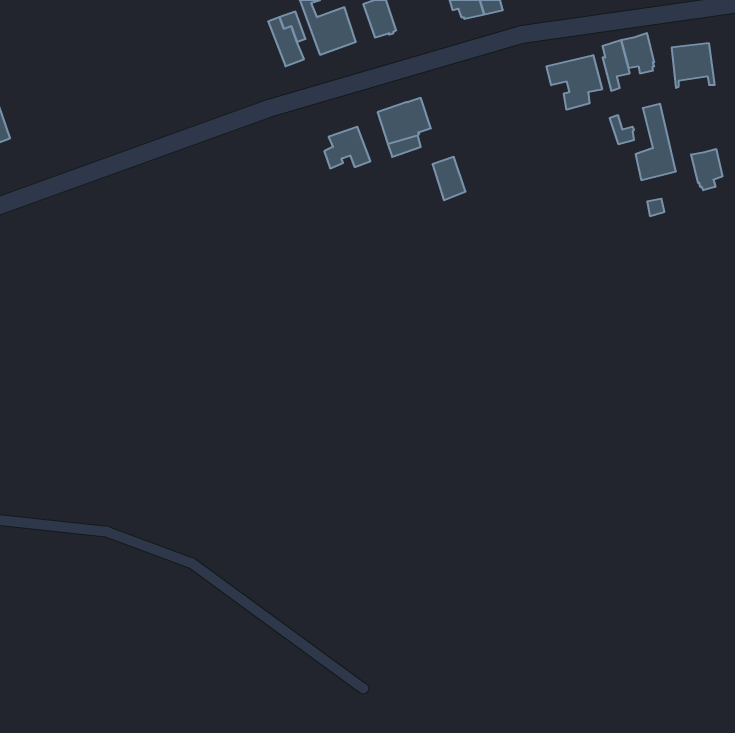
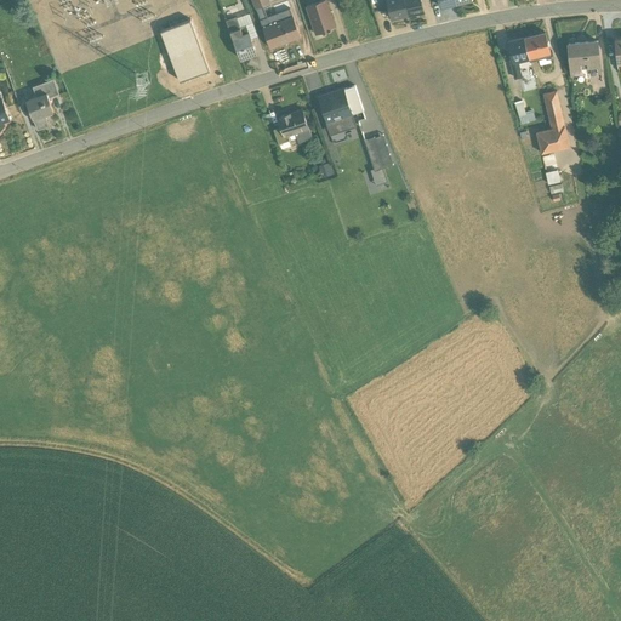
building: none -> [160,21,209,81]
building: [547,55,602,110] -> none
building: none -> [25,79,58,130]
building: [691,149,722,190] -> none

